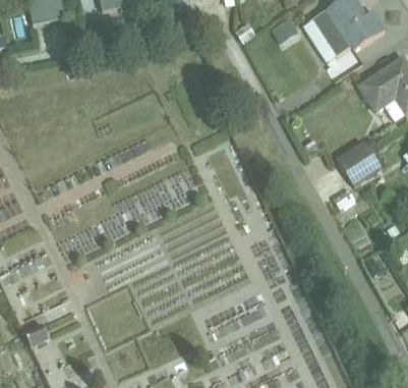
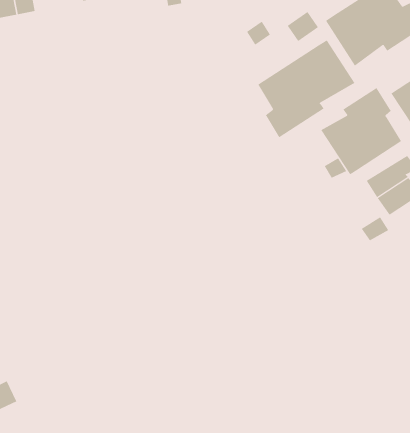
building: none -> [258,39,355,138]
building: none -> [320,87,402,175]

